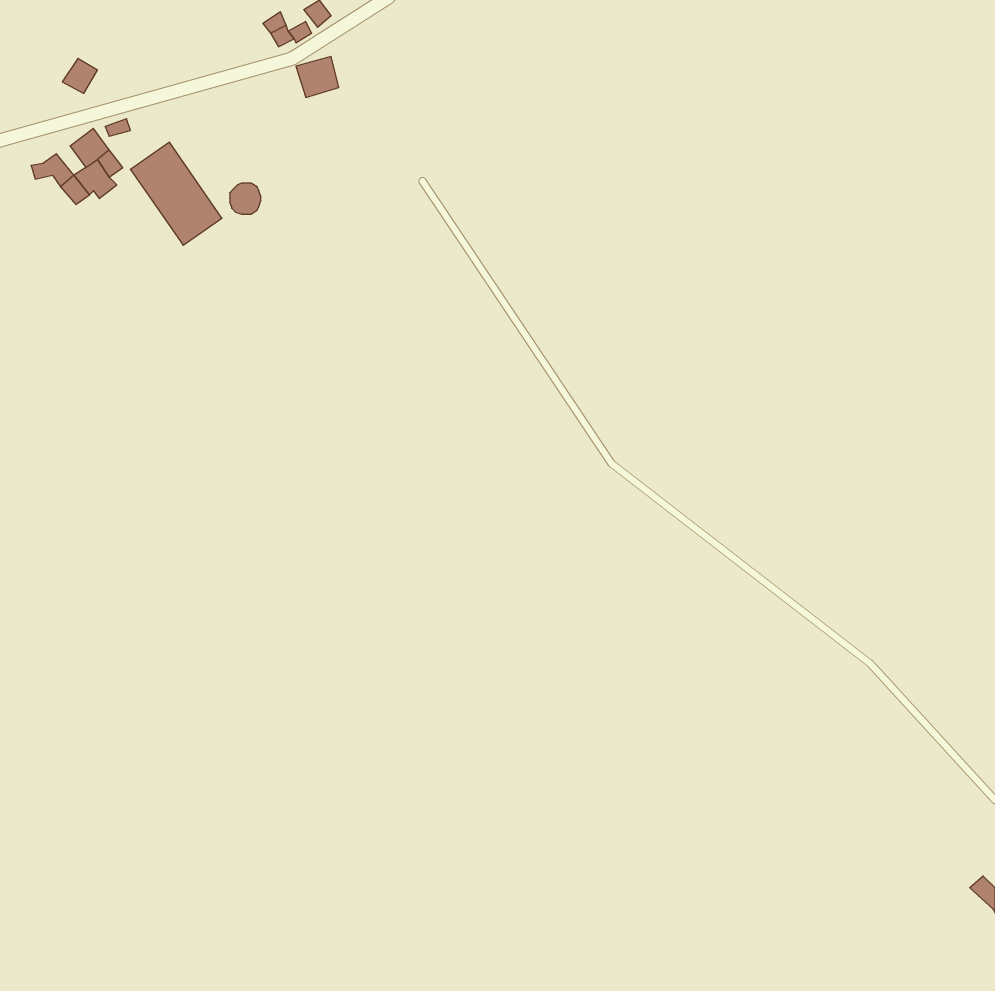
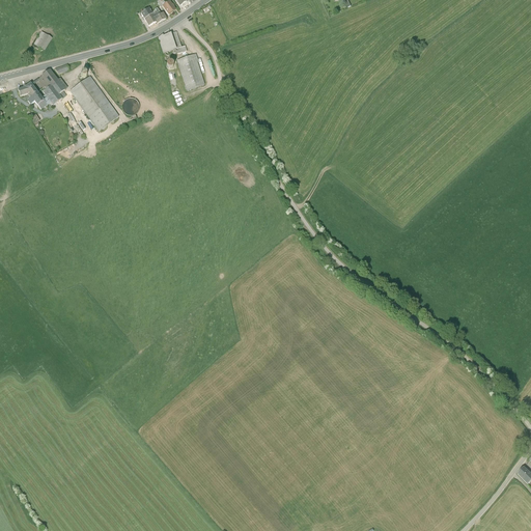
building: none -> [177,53,205,89]

